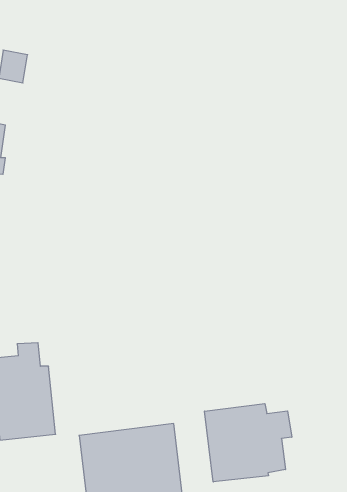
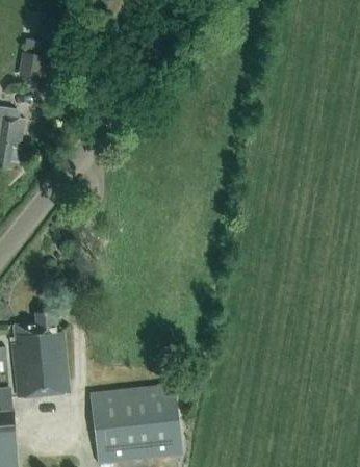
building: [205,404,292,482] -> none

